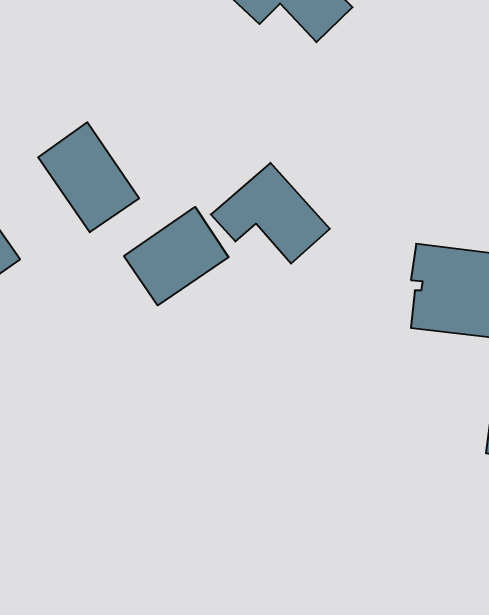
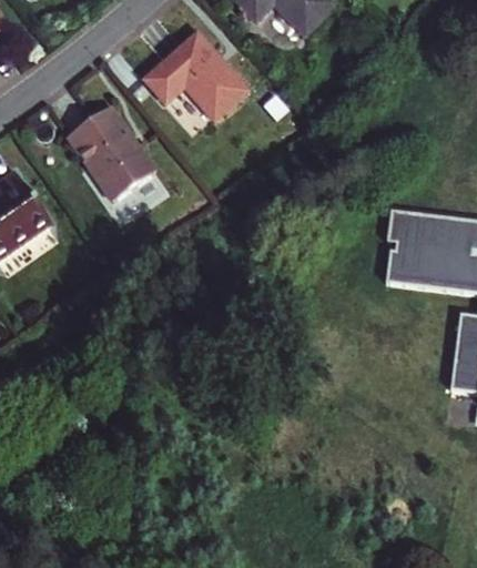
building: [211,163,330,264] -> [145,34,247,121]
building: [124,207,229,305] -> none

